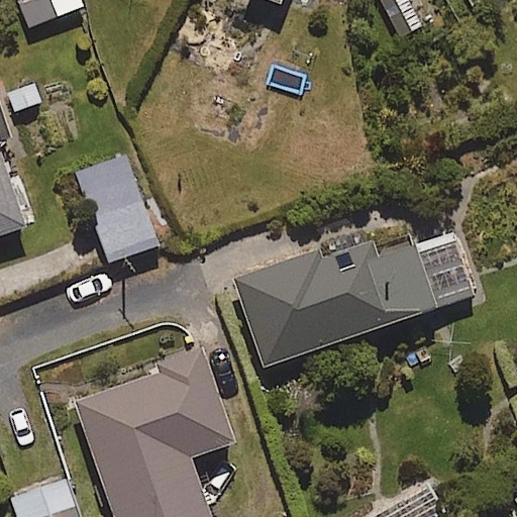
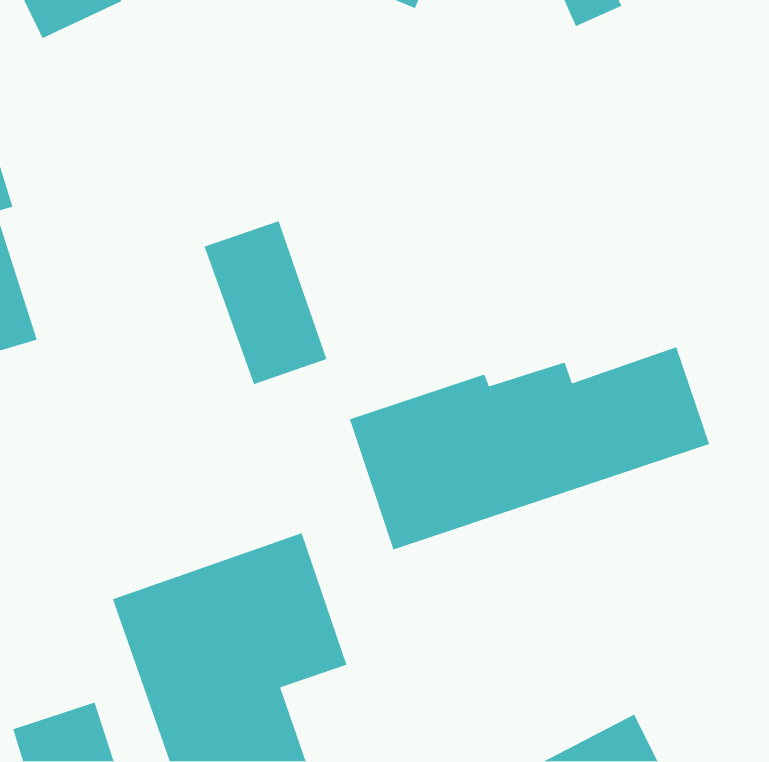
building: [74,150,157,261] -> [204,220,327,385]

